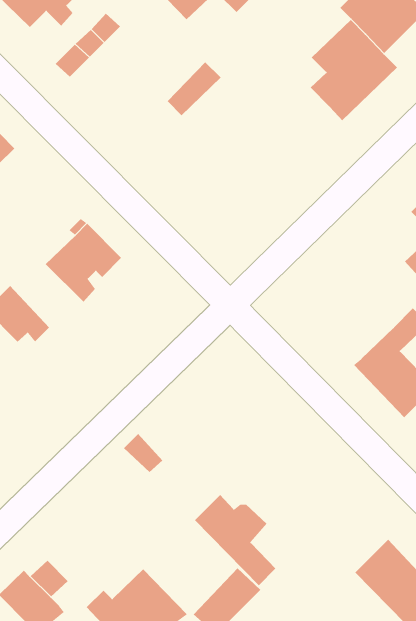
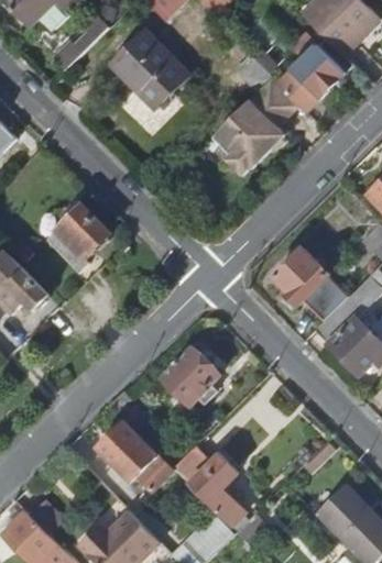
building: none -> [118,30,184,96]
building: none -> [216,79,294,177]
building: none -> [273,246,350,323]
building: none -> [162,351,219,407]
building: none -> [97,420,171,488]

